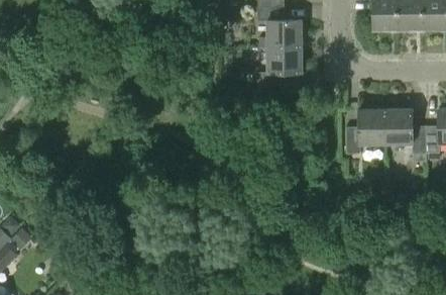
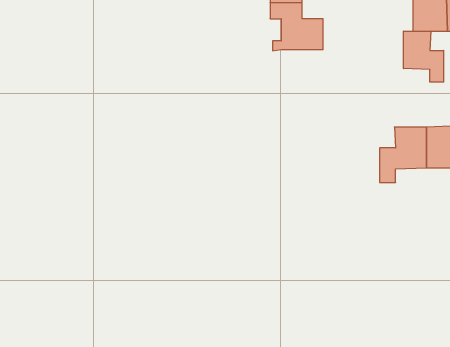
building: none -> [404,31,444,82]
building: [258,45,302,86] -> none

